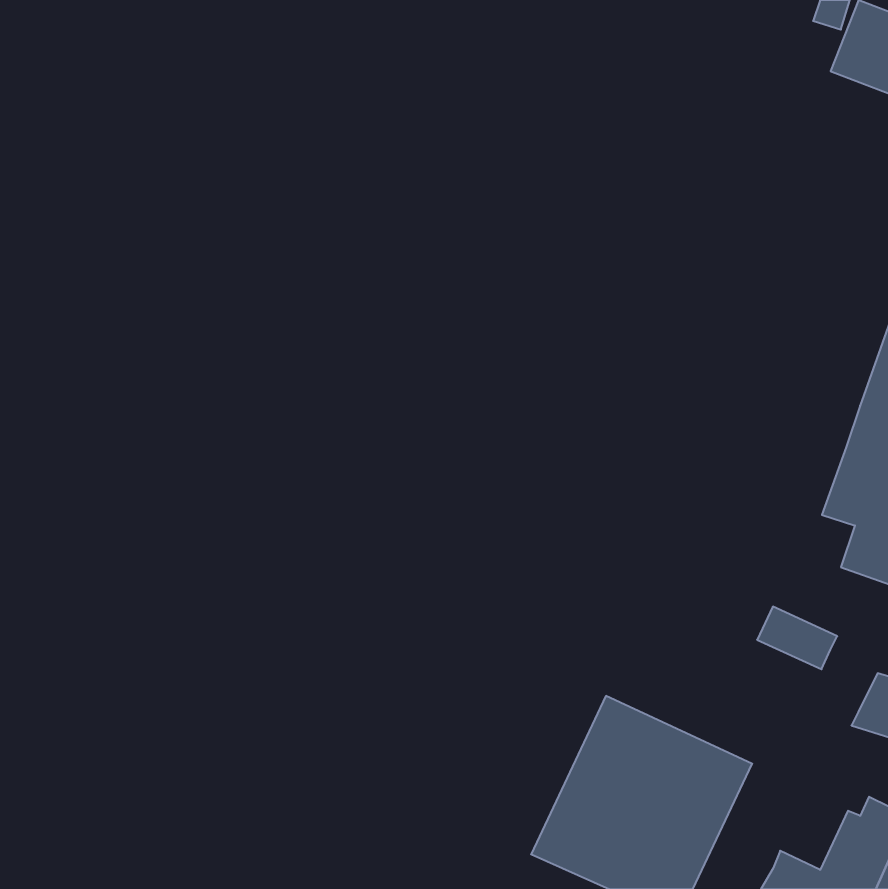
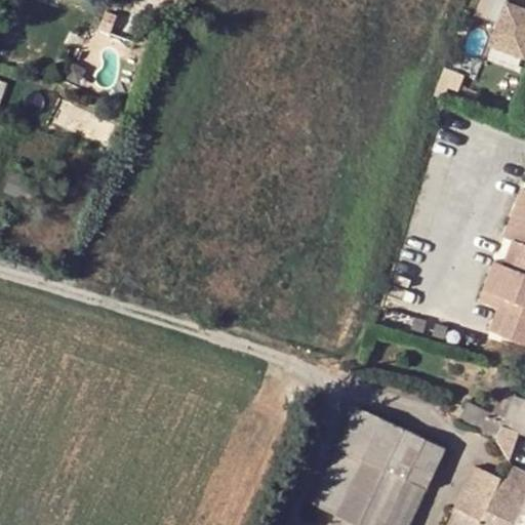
building: [757,607,837,669] -> [459,402,507,439]
building: none -> [460,467,500,513]

